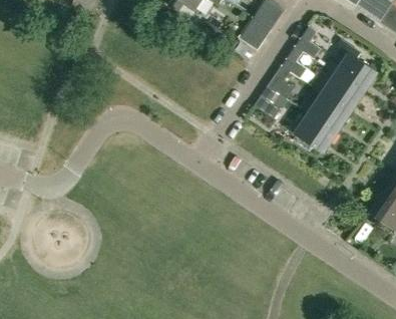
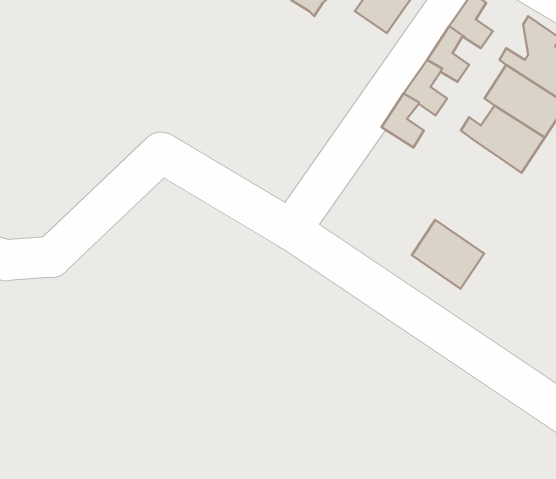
building: [295,112,338,153] -> [412,220,484,289]

